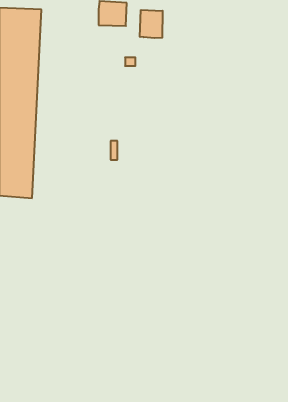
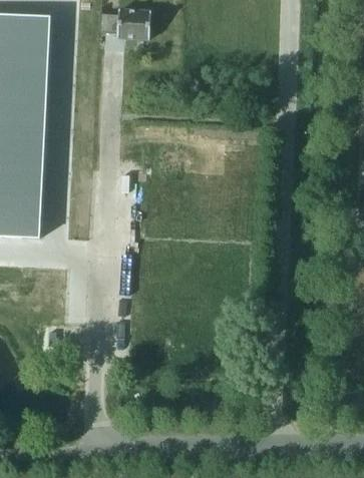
building: [140,10,163,38] -> none

